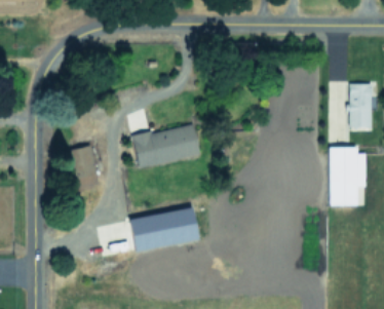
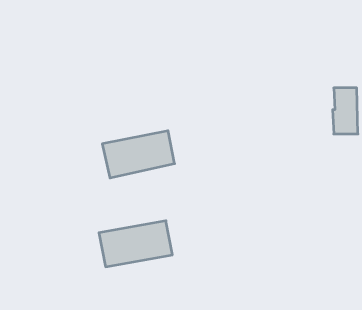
building: [70,145,101,191] -> none
building: [330,148,366,205] -> none

